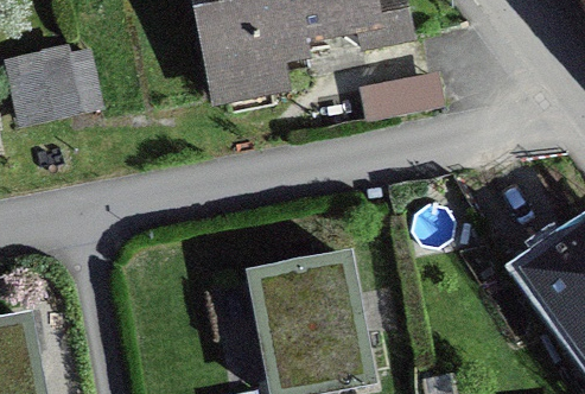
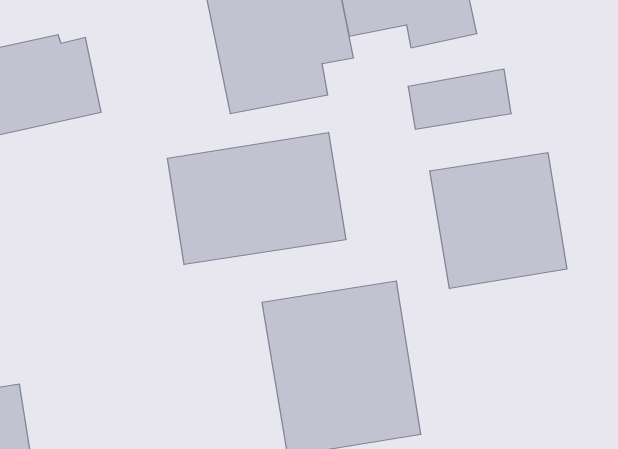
building: none -> [167,132,346,265]
building: none -> [430,153,567,289]

